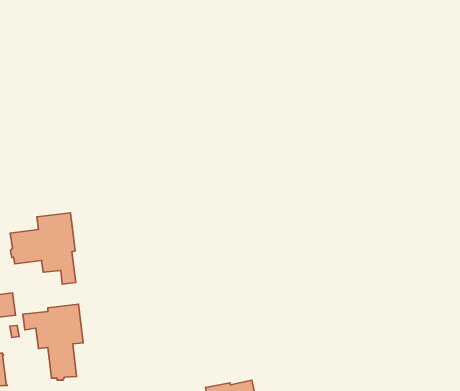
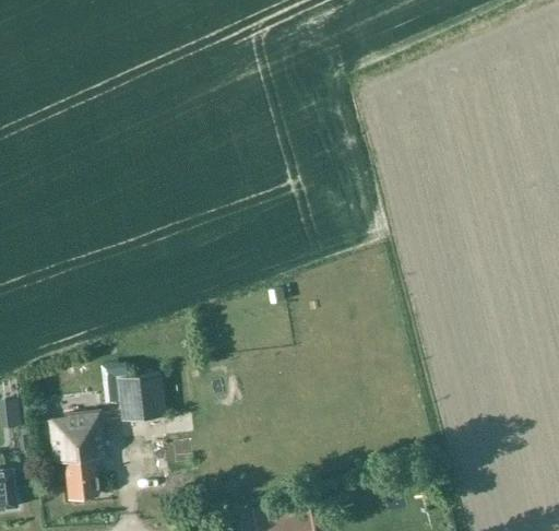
building: [10,213,76,284] -> none
building: none -> [117,373,164,421]

